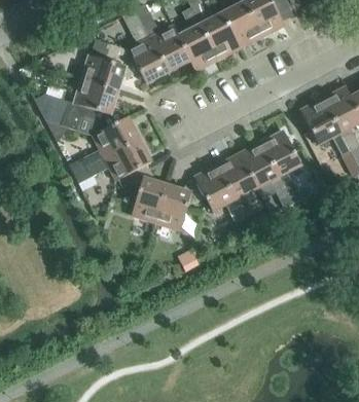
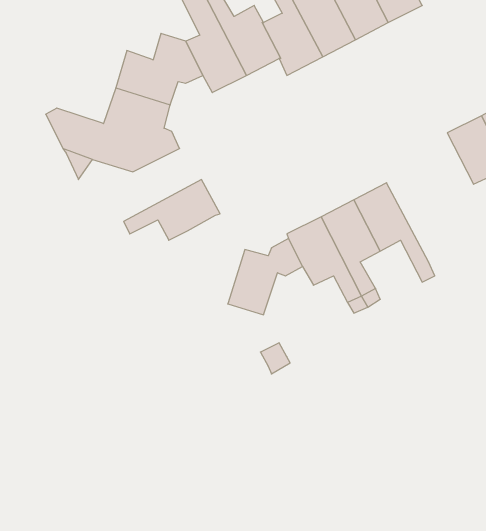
building: [81,117,138,168] -> none
building: [260,130,300,194] -> none
building: [129,163,167,222] -> none

